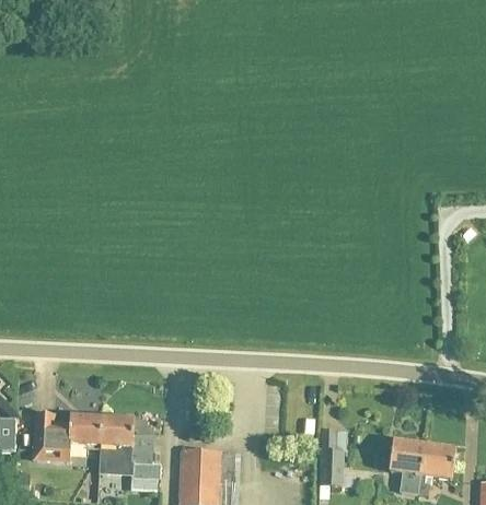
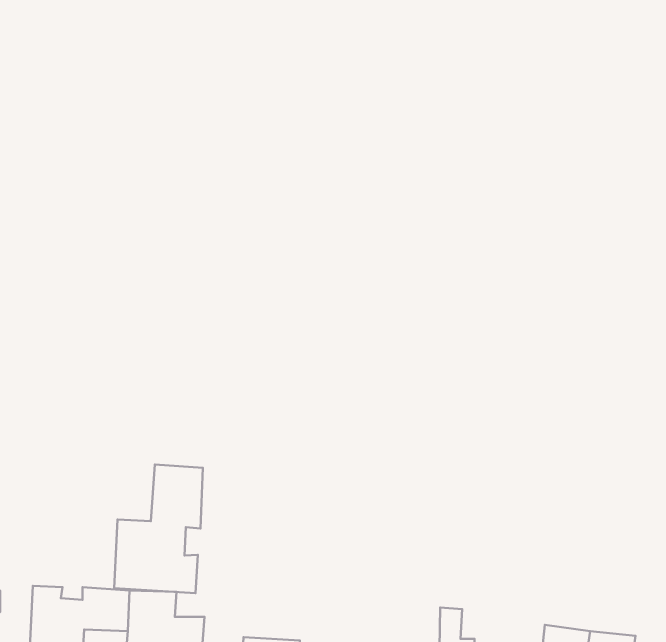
building: none -> [114,465,203,593]

